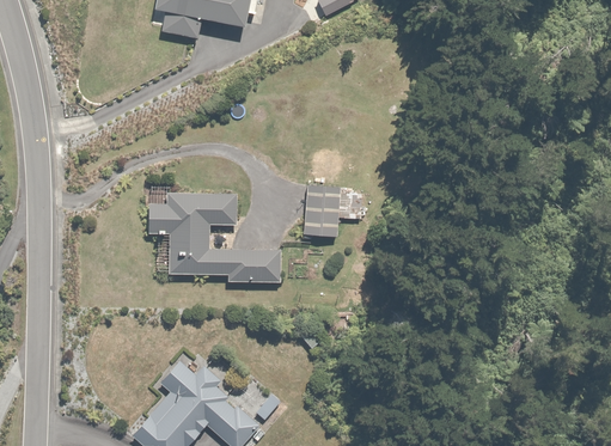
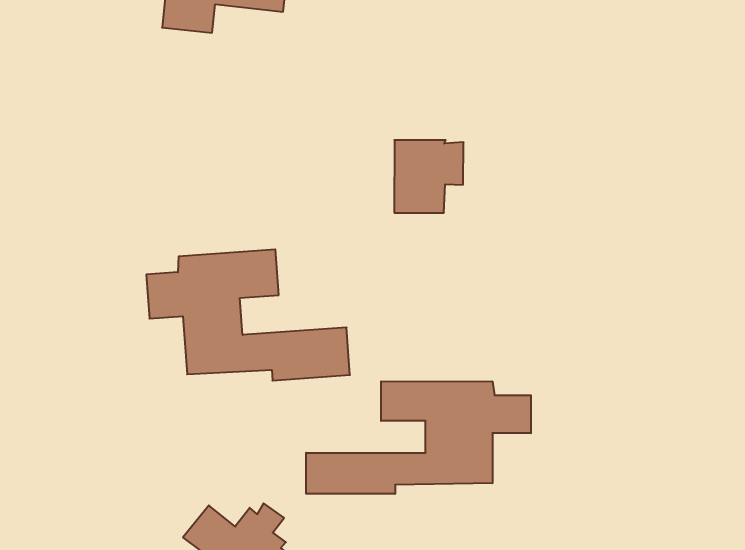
building: [303,184,353,236] -> [394,140,464,213]
building: none -> [306,381,531,494]

